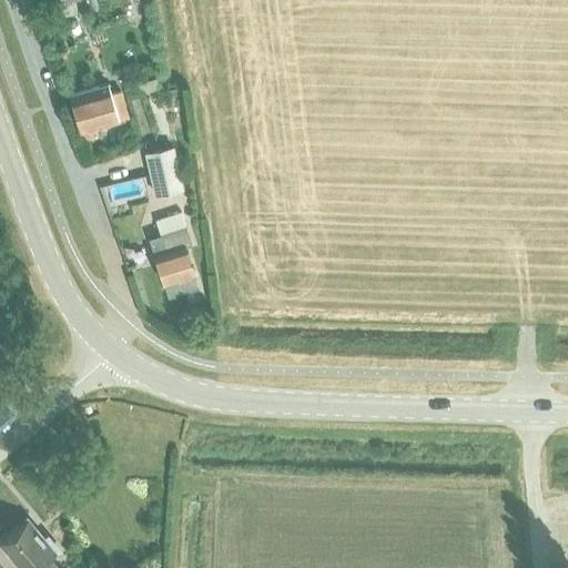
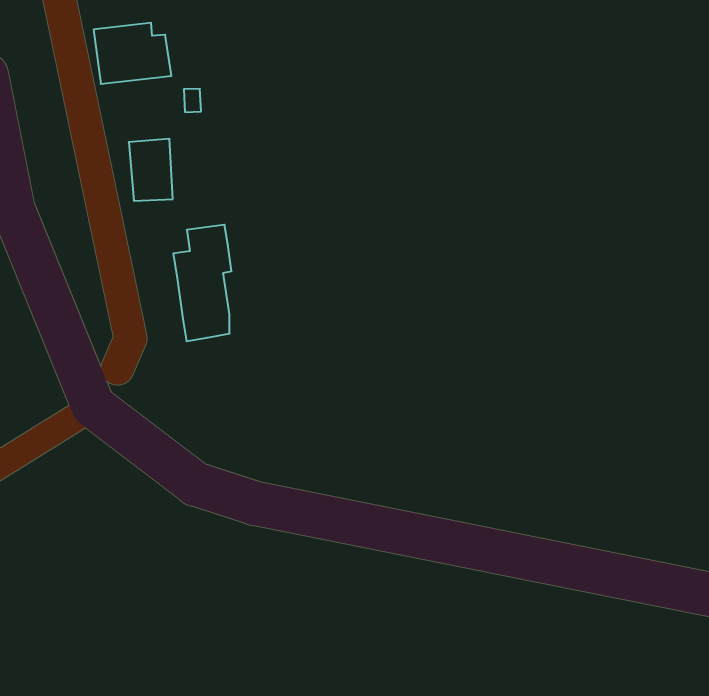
building: [144,150,181,196] -> [129,139,173,201]

